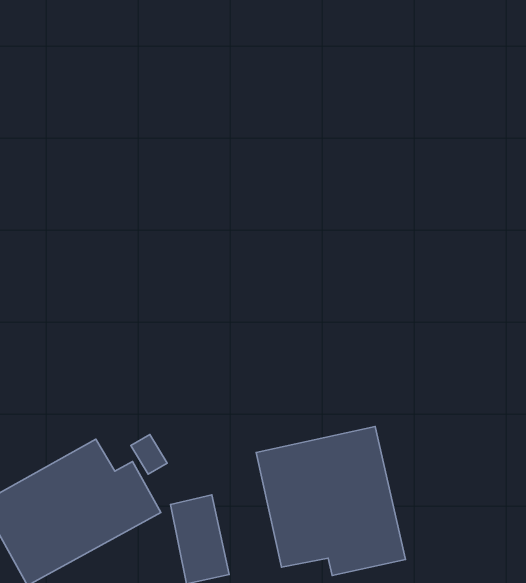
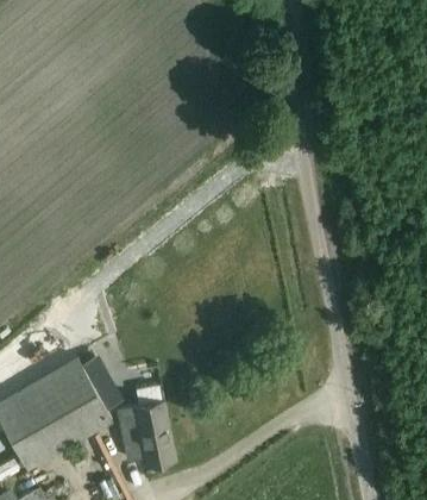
building: [256,426,406,576] -> none

